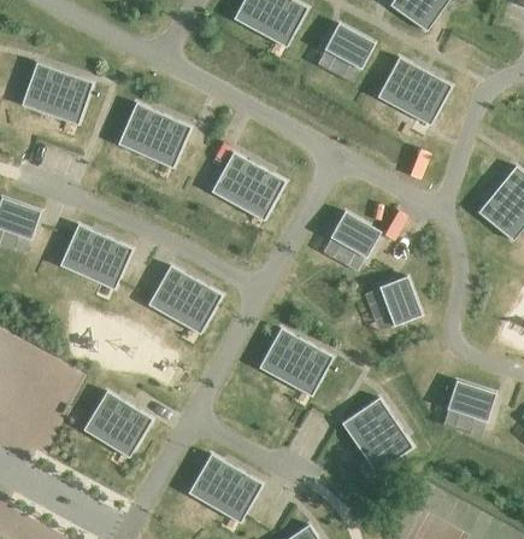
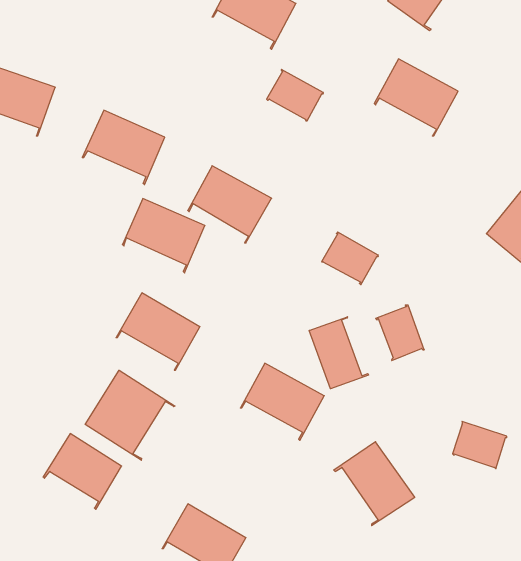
building: [323,24,373,70] -> [267,69,323,121]
building: [58,225,131,292] -> [122,199,205,273]
building: none -> [309,317,369,389]
building: none -> [85,370,175,460]

